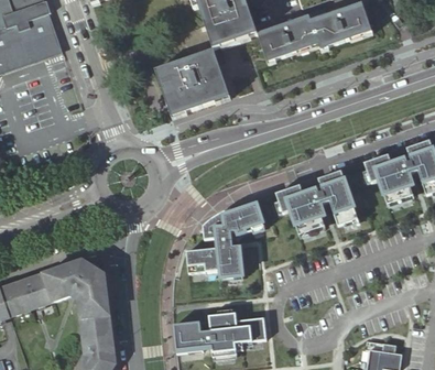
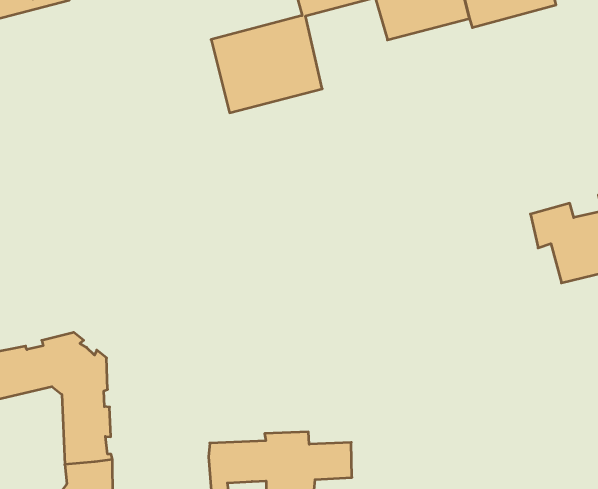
building: [275,170,359,235] -> none
building: [186,204,264,278] -> none

